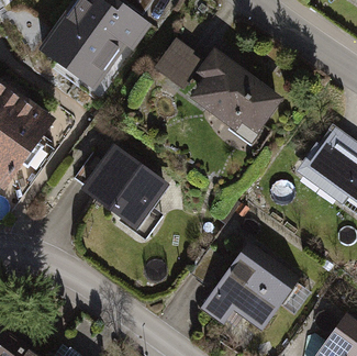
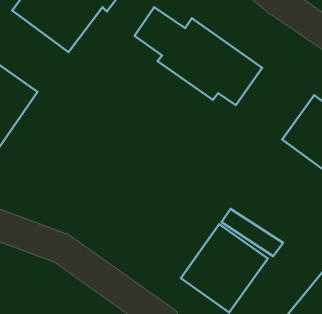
building: [86,148,175,233] -> none

